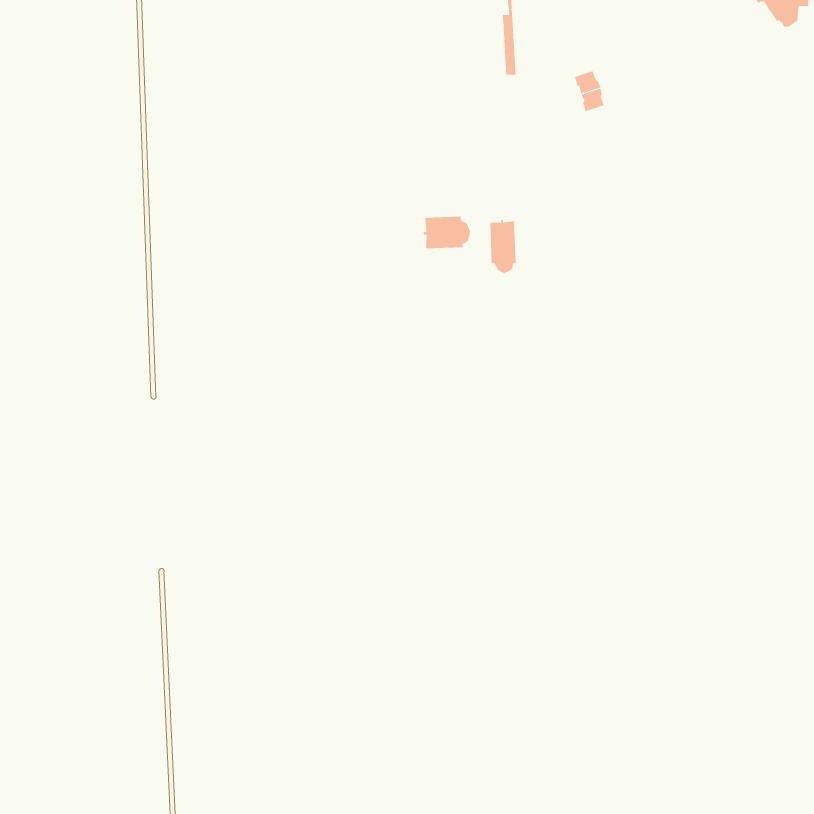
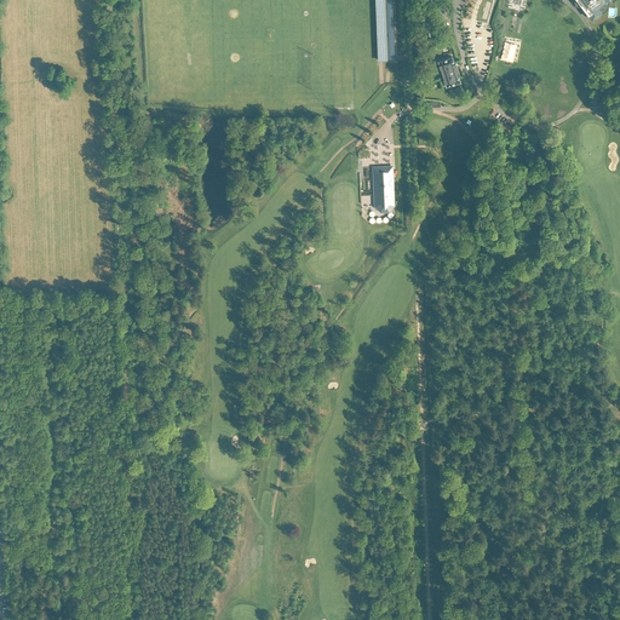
building: [423,216,470,249] -> none

